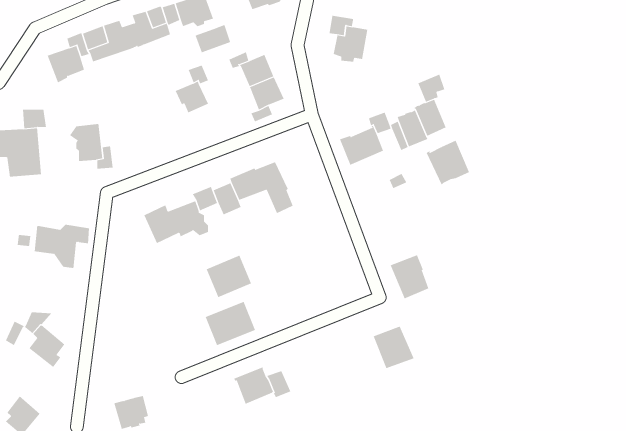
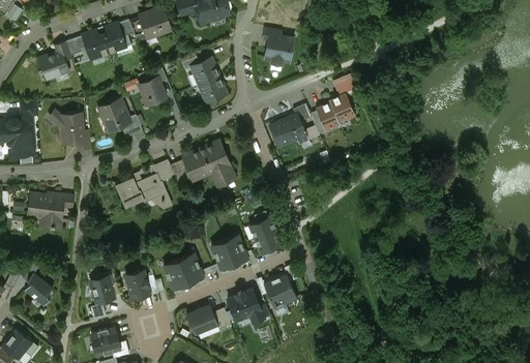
building: [195,24,231,53] -> none
building: none -> [97,98,143,135]
building: [426,140,470,186] -> none
building: [390,255,429,299] -> [249,217,281,252]
building: [206,255,252,298] -> [211,235,247,269]
building: none -> [123,269,152,301]
building: [373,326,415,369] -> [264,273,297,307]
building: none -> [88,274,116,304]
building: none -> [228,289,261,322]

